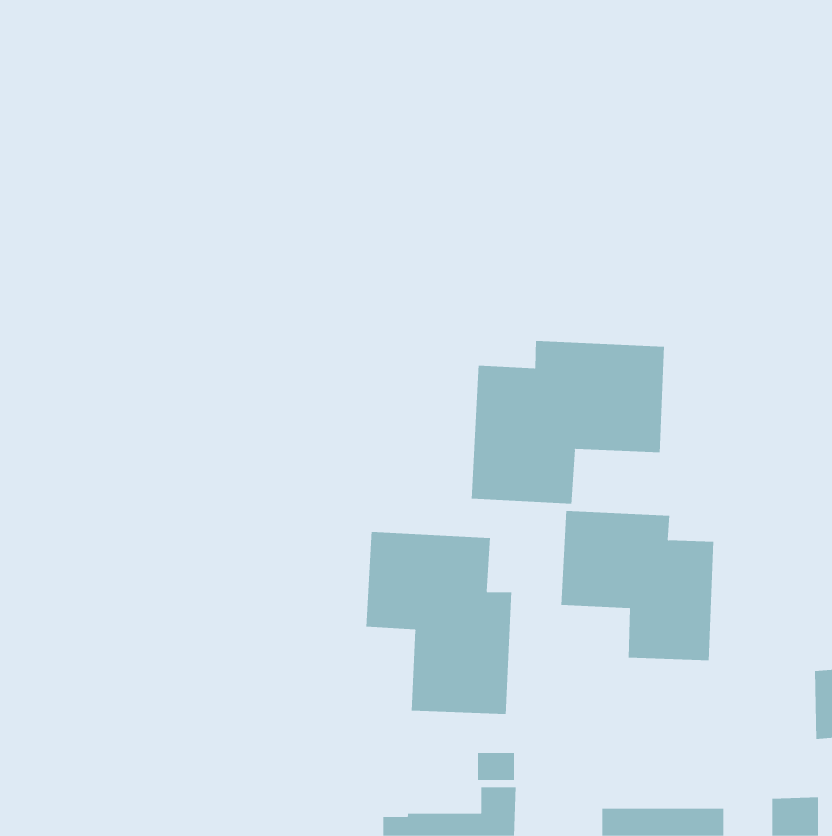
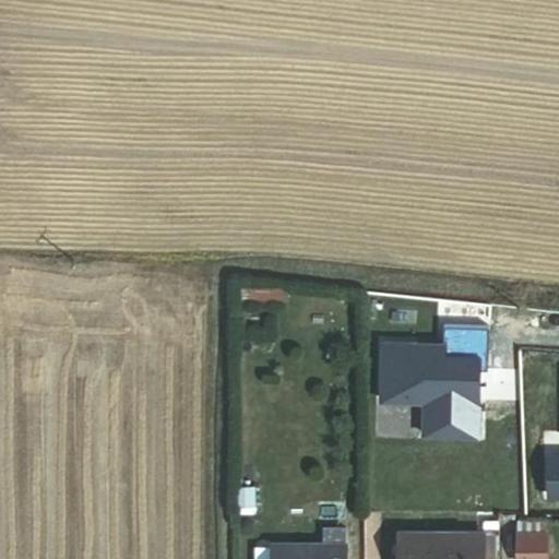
building: [471,340,665,505] -> none
building: [366,531,512,715] -> none

